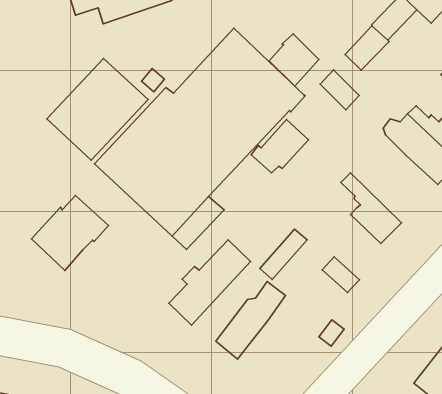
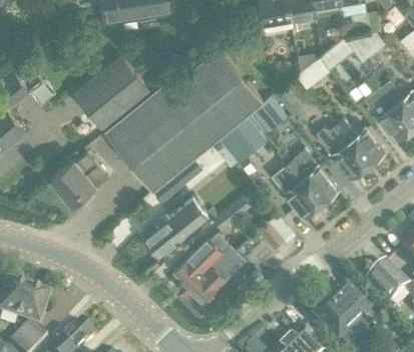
building: [269,34,319,86] -> [251,94,287,132]
building: none -> [288,148,337,203]
building: none -> [187,244,240,300]

